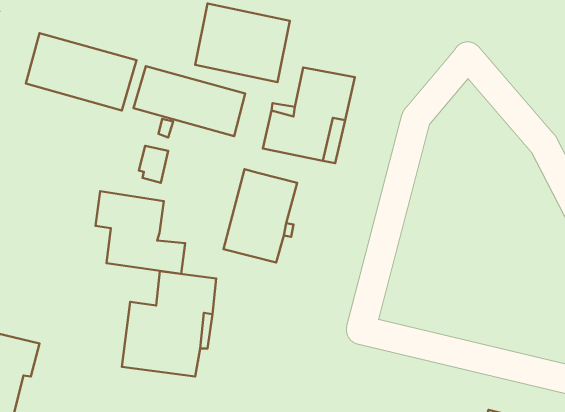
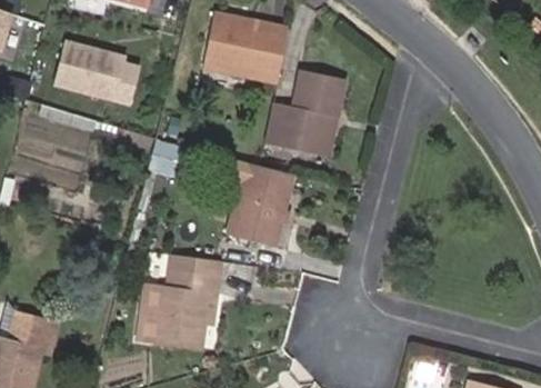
building: [134,66,245,136] -> none
building: [96,191,185,274] -> none

